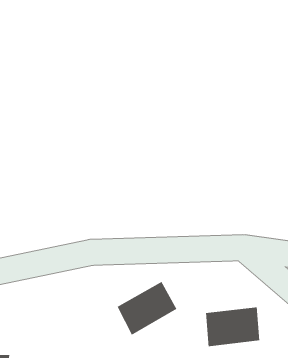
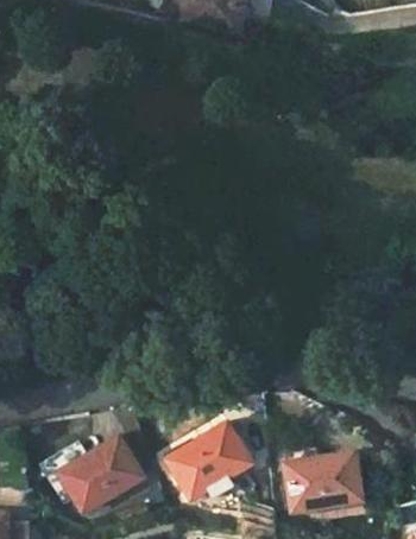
building: none -> [58,435,141,509]

